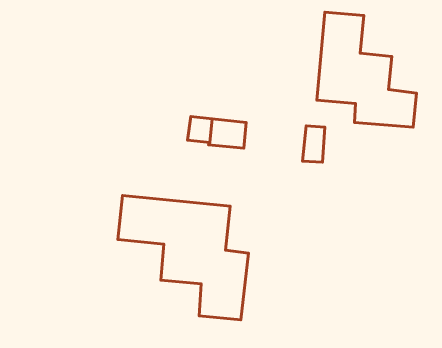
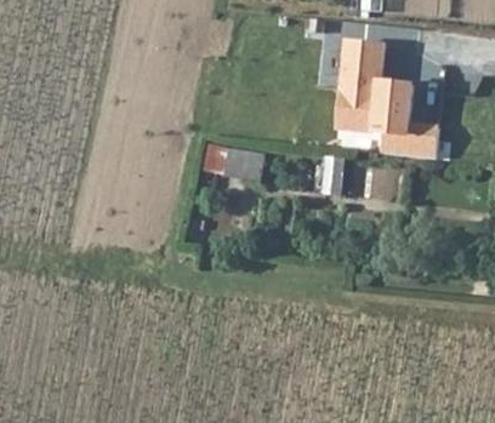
building: [118,195,248,320] -> none

